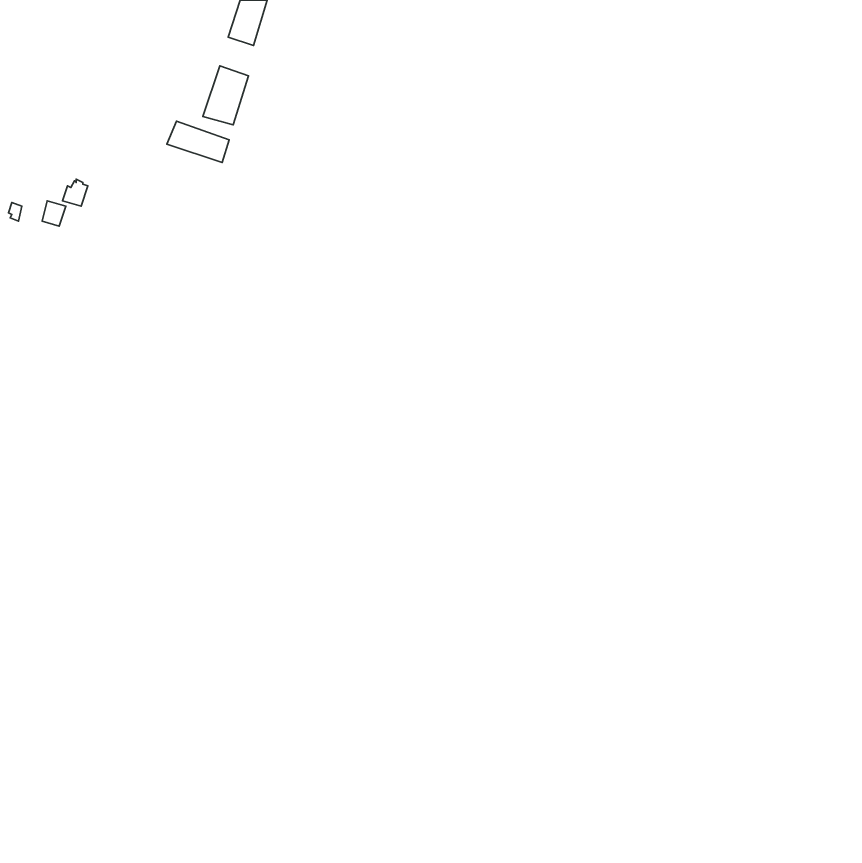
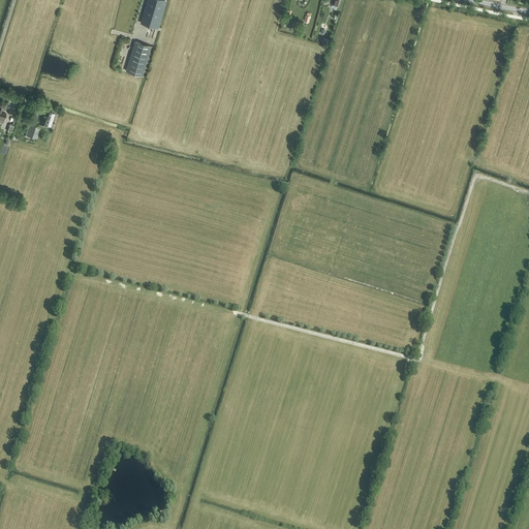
building: [167,121,229,163] -> none

